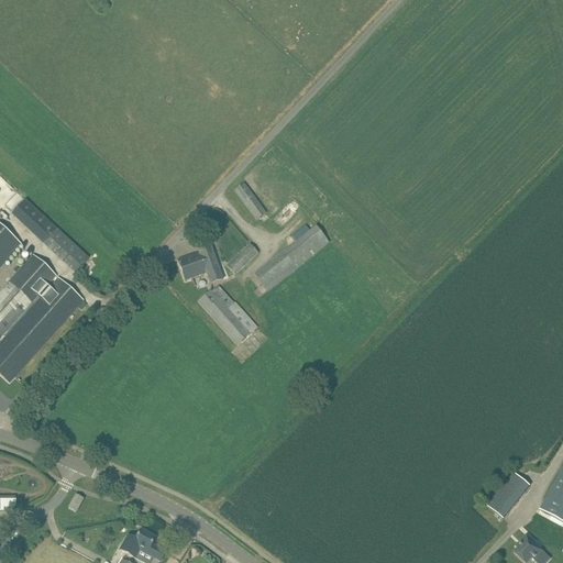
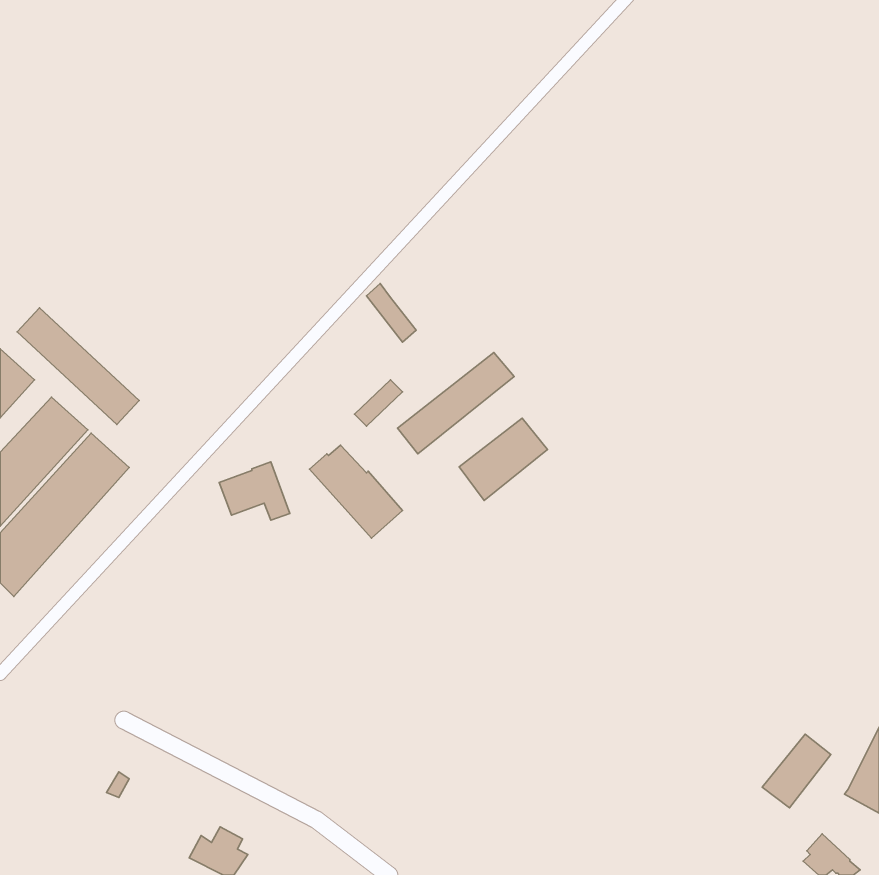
building: [177,245,222,283] -> [219,462,290,520]
building: none -> [459,418,548,501]

